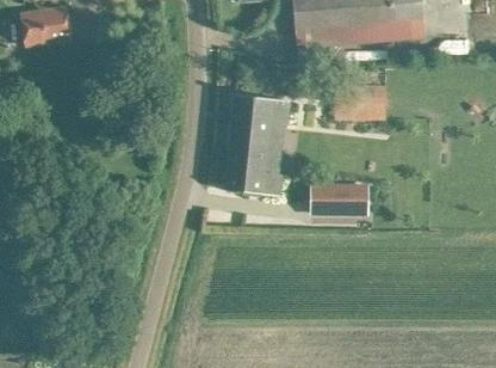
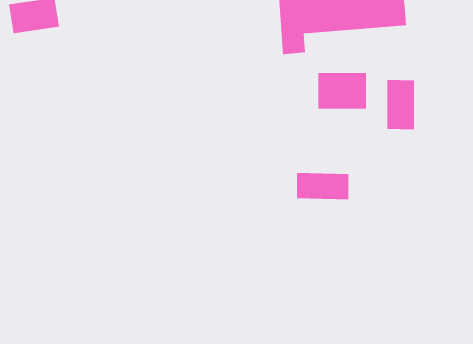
building: none -> [387,79,415,130]
building: [225,96,290,196] -> none

